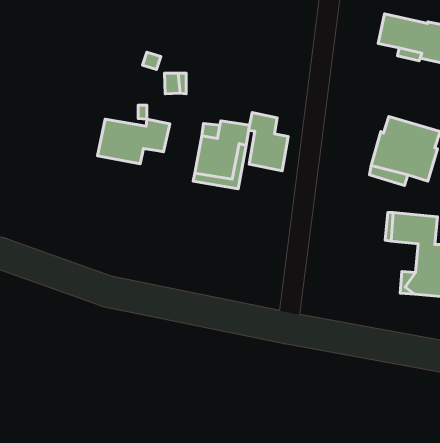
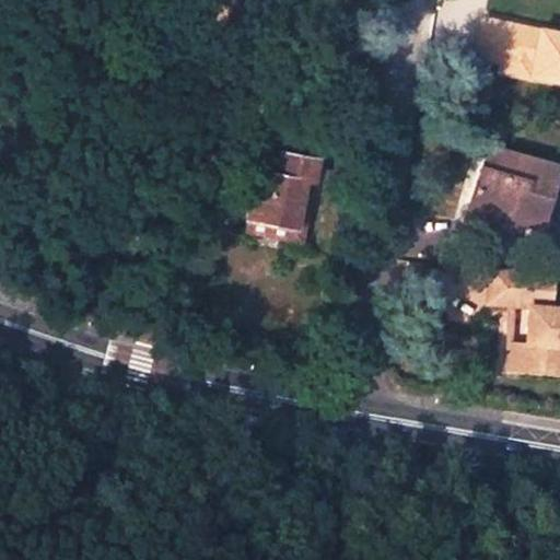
building: [249,112,288,171] -> none
building: [97,119,170,164] -> none

